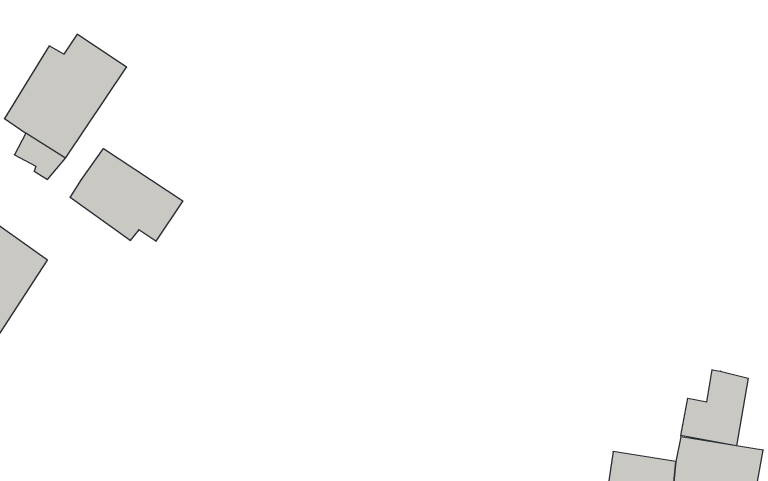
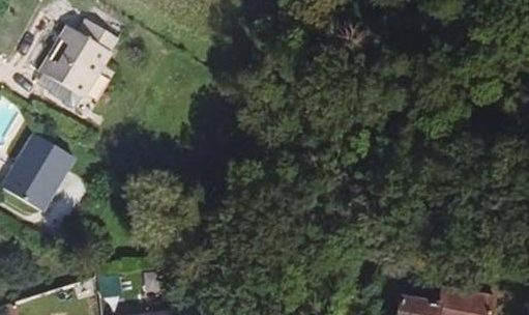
building: [70,149,183,241] -> none
building: [681,370,748,446] -> none

